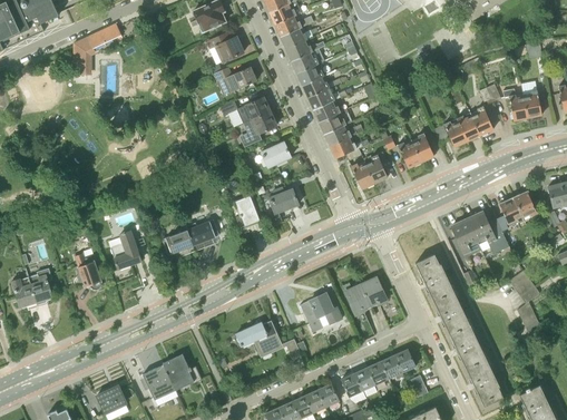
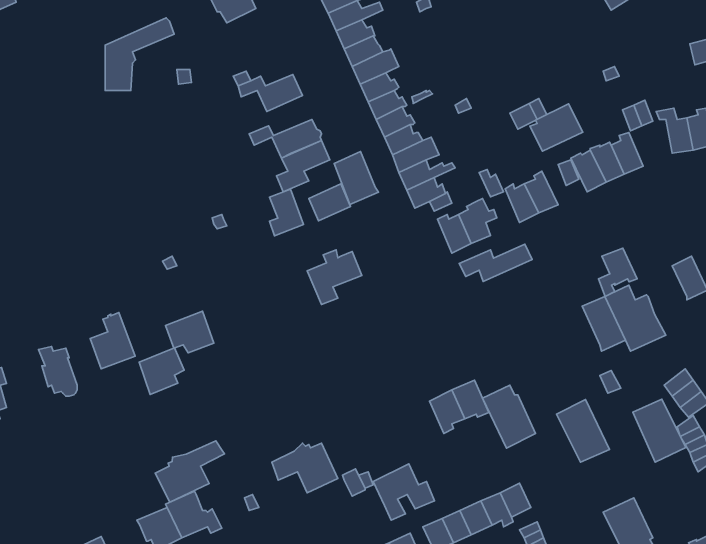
building: [74,25,121,75] -> [105,18,174,90]
building: [207,33,244,61] -> none
building: none -> [530,104,583,151]
building: none -> [334,152,379,204]
building: none -> [459,244,532,281]
building: [236,195,260,227] -> [270,189,303,236]
building: [497,198,524,232] -> [599,248,637,296]
building: [188,219,219,252] -> [139,348,184,394]
building: [417,257,453,301] -> [482,385,536,448]
building: [301,293,343,332] -> [373,464,434,520]
building: none -> [155,441,225,502]
building: [450,325,487,369] -> [633,399,686,462]

